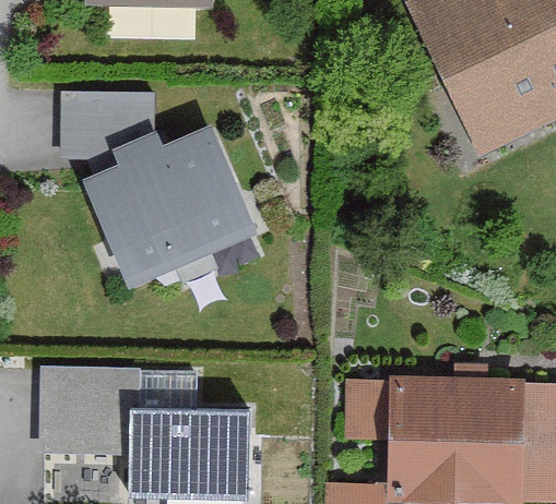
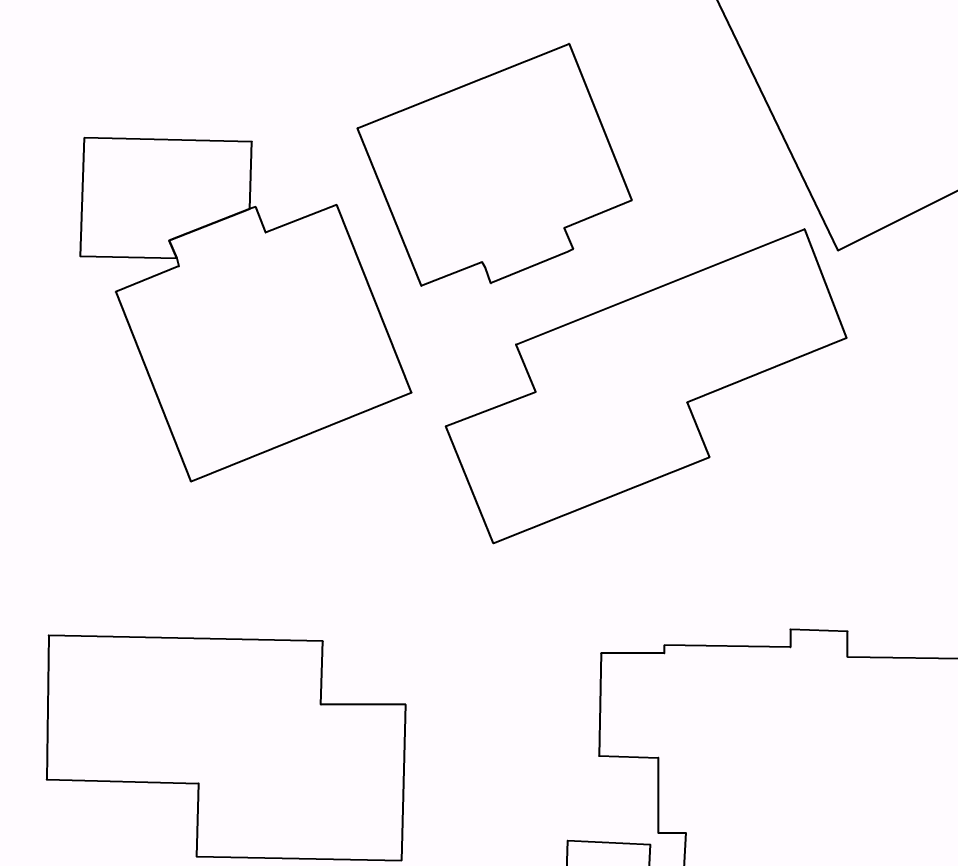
building: none -> [358,44,632,286]
building: none -> [446,229,847,543]

